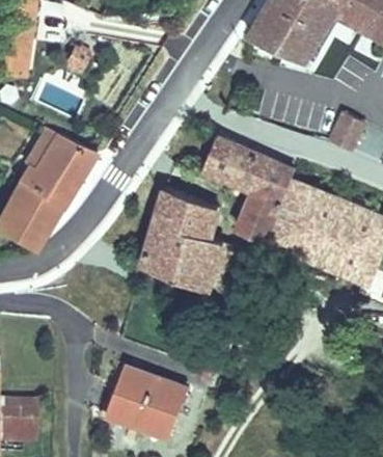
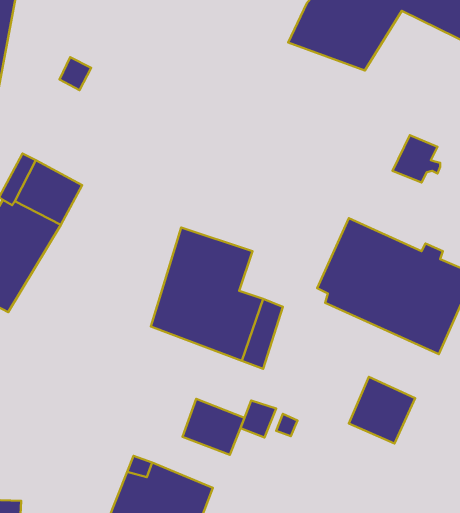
building: [201,133,297,245] -> none
building: none -> [349,377,415,443]
building: none -> [183,399,245,455]

